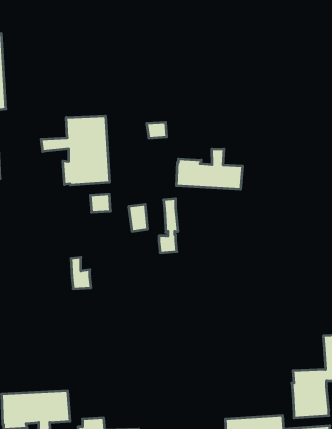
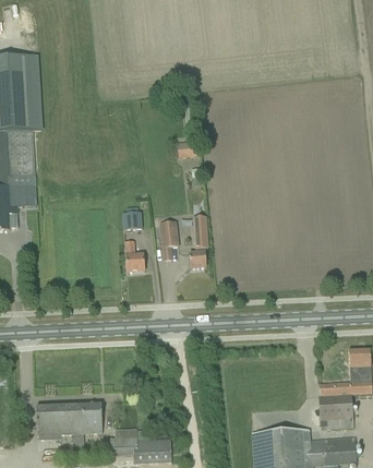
building: [41,116,109,185] -> none
building: [176,149,242,189] -> none
building: [71,257,91,289] -> [124,241,144,272]

